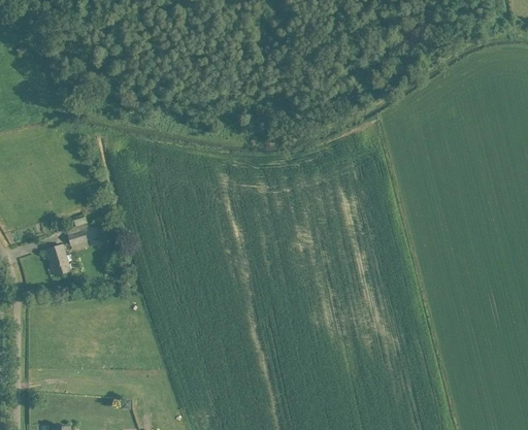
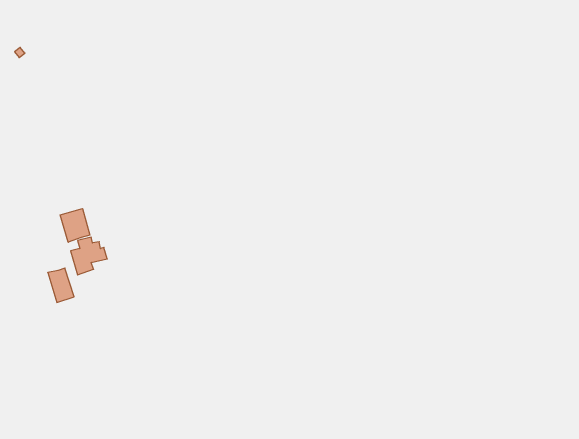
building: none -> [60,209,90,242]

